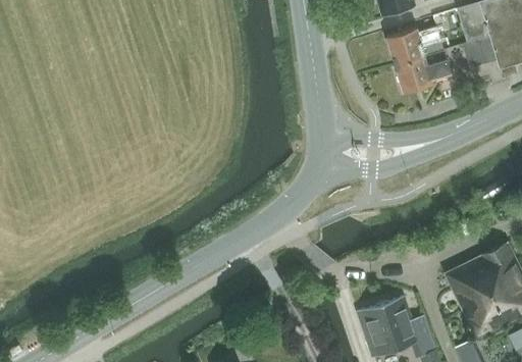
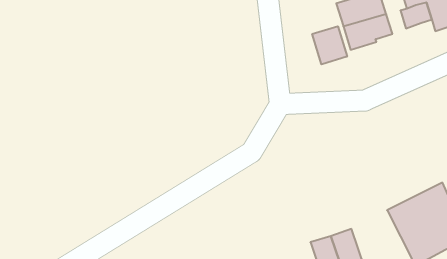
building: none -> [312,26,347,64]

